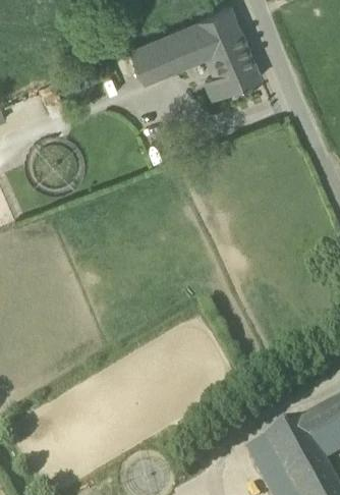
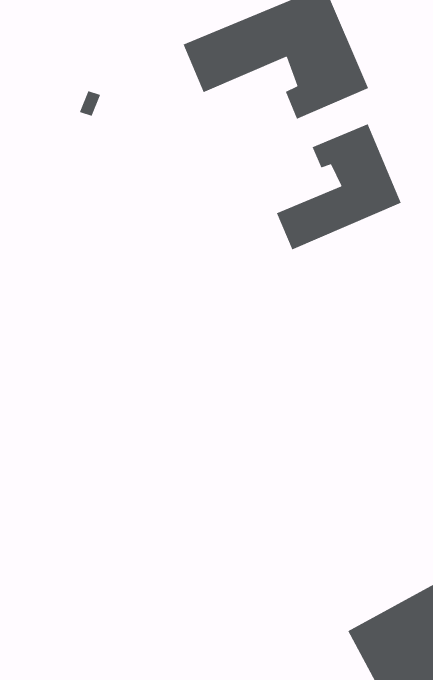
building: none -> [276,123,402,251]

